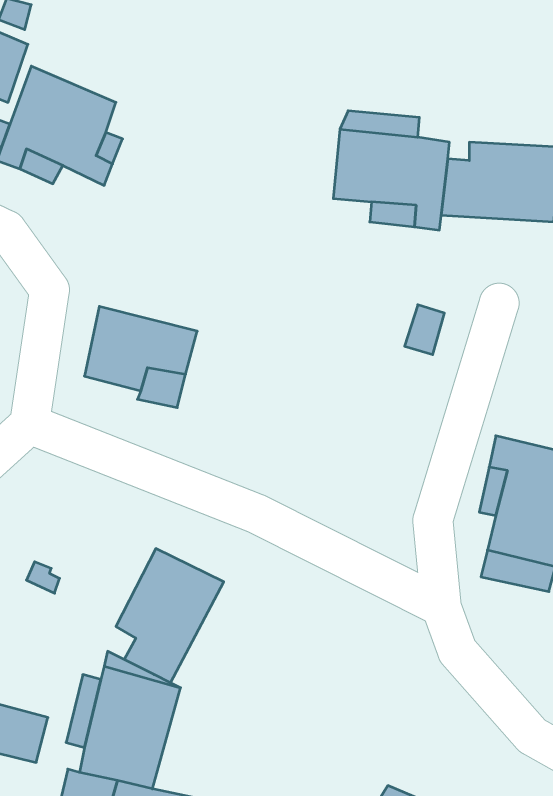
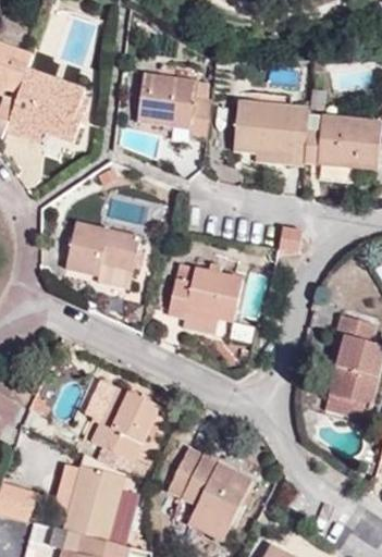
building: none -> [137,77,212,145]
building: none -> [165,269,239,324]
building: none -> [161,444,249,530]

